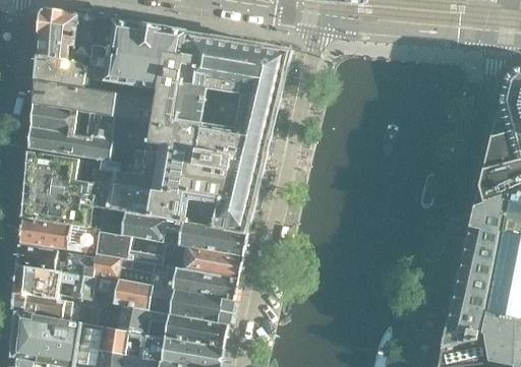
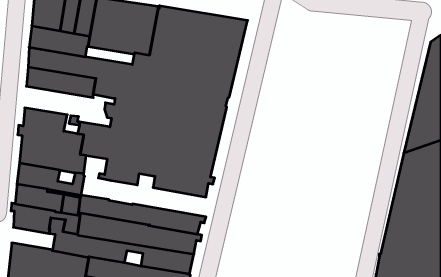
building: [30,126,113,161] -> none
building: [96,232,243,280] -> none
building: [11,291,65,318] -> none

